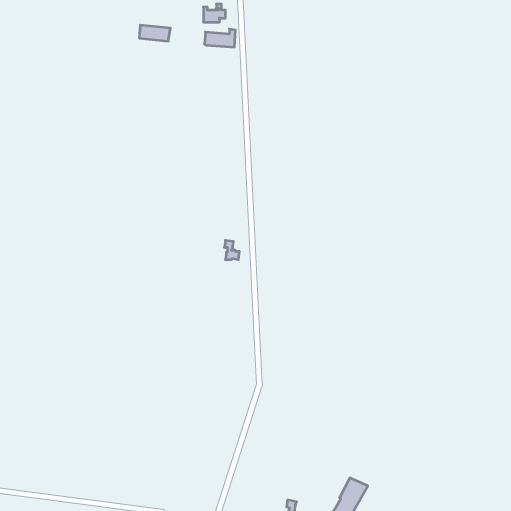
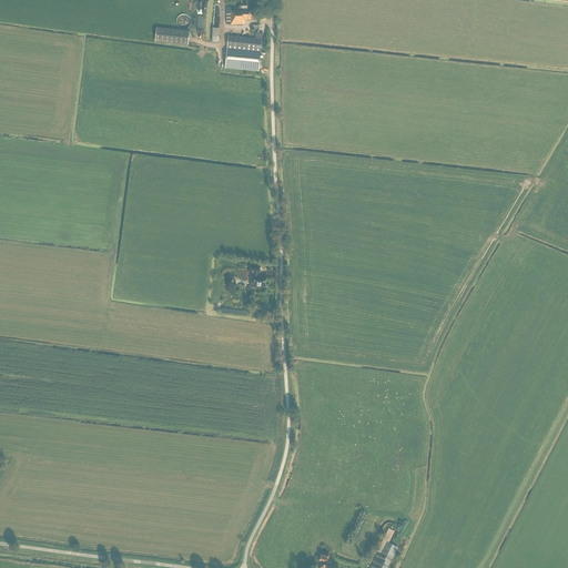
building: none -> [224,50,260,73]

